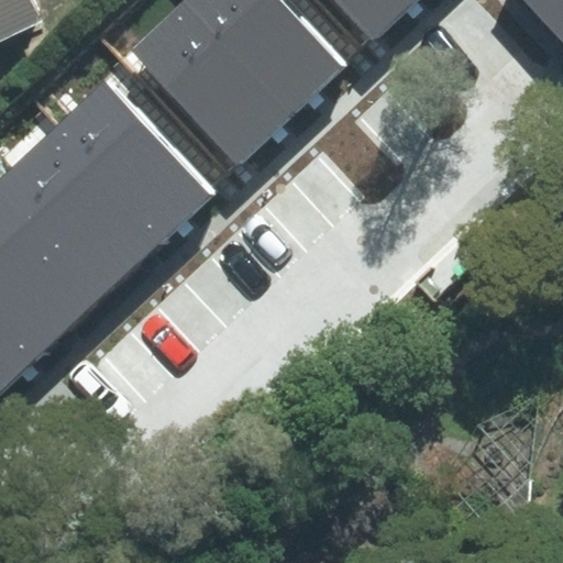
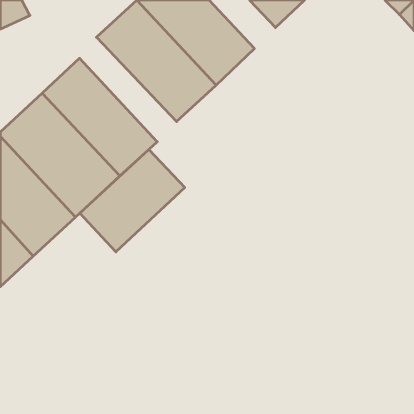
building: none -> [80,150,185,252]

